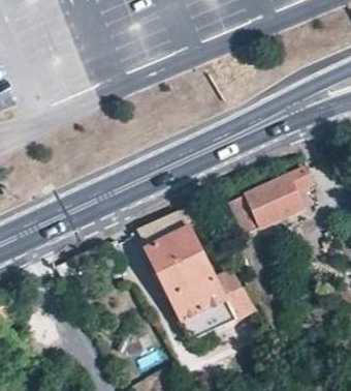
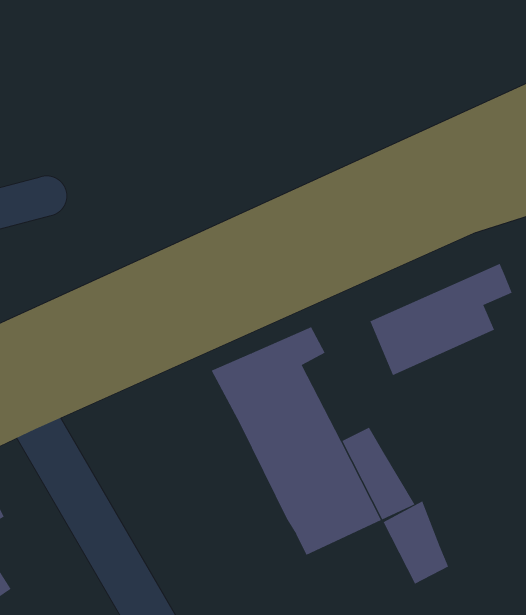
building: none -> [383,501,449,584]

